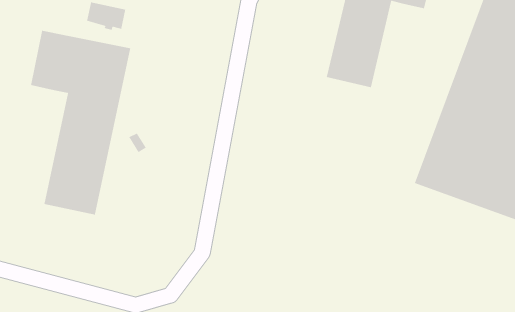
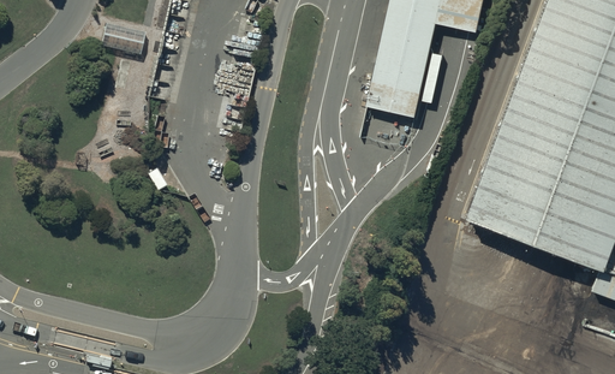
building: [30,30,131,216] -> none

